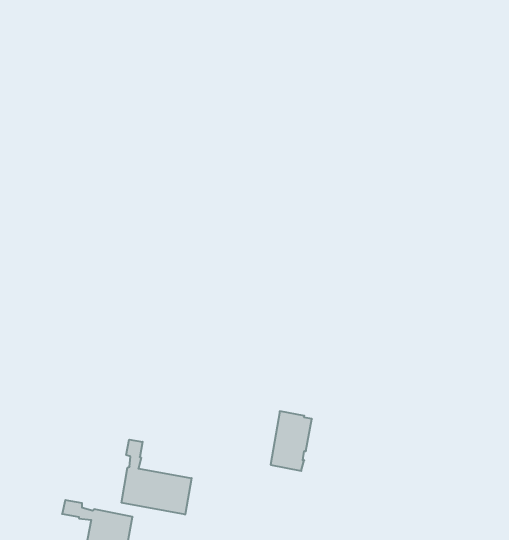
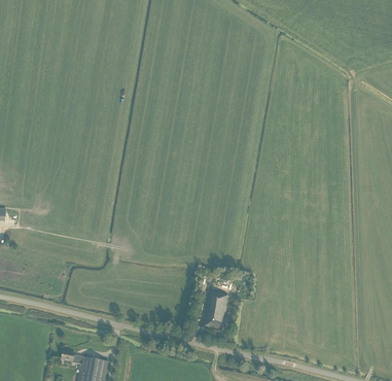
building: [122,440,192,515] -> none

